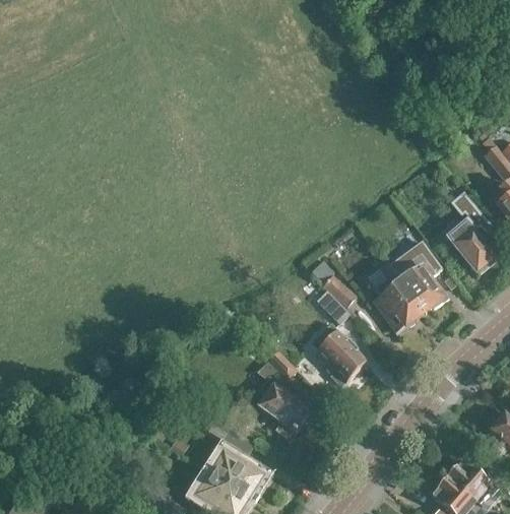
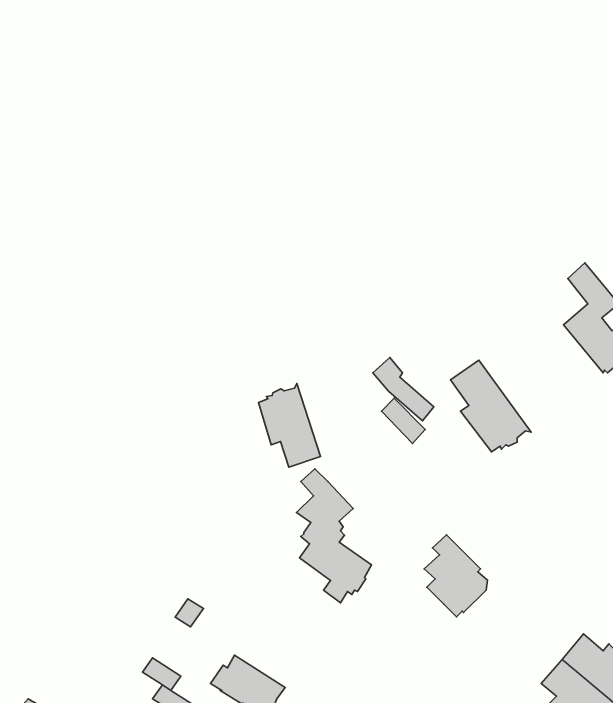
building: [389,241,446,314] -> none
building: none -> [259,383,320,467]
building: [317,325,363,384] -> [424,535,488,617]
building: [203,427,261,498] -> none

